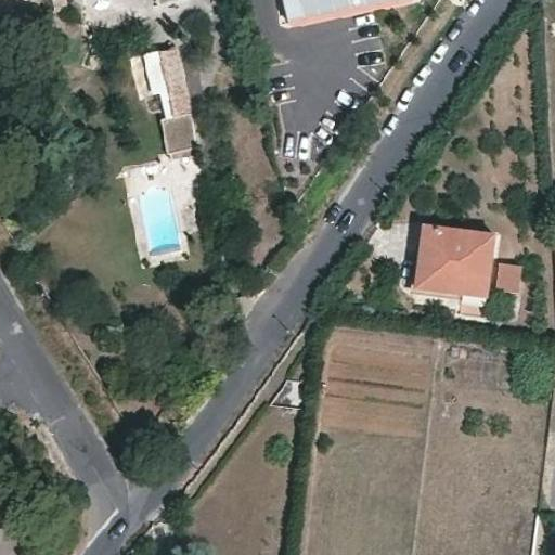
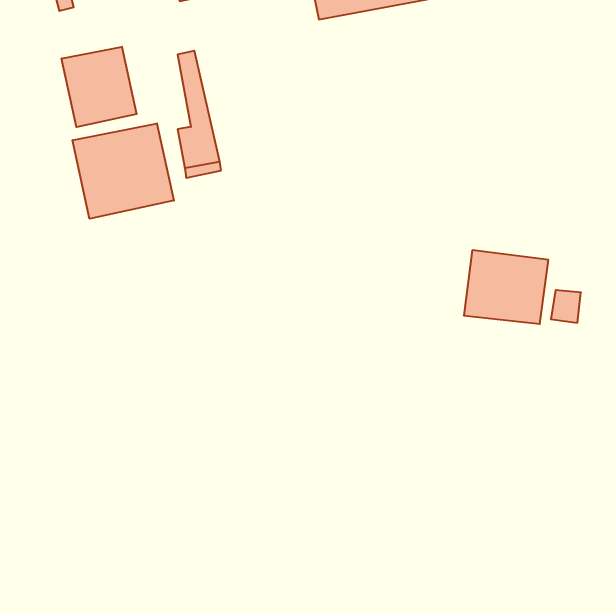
building: none -> [62,47,137,127]
building: none -> [73,123,174,219]

